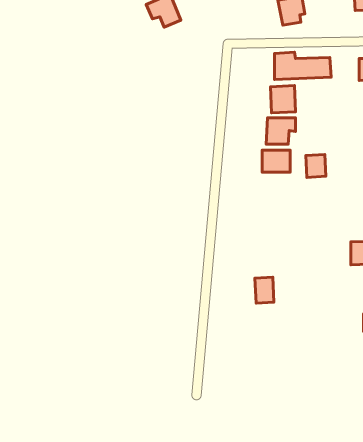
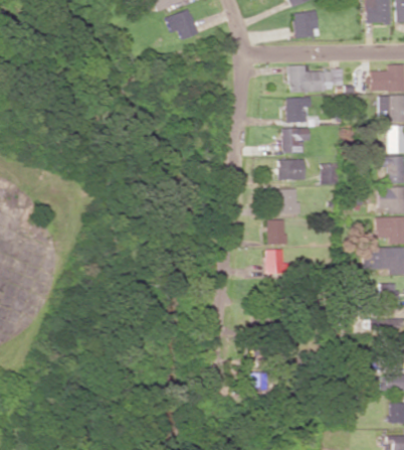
building: none -> [278,188,300,213]
building: none -> [267,219,286,245]
building: [255,277,274,303] -> [266,249,284,274]

